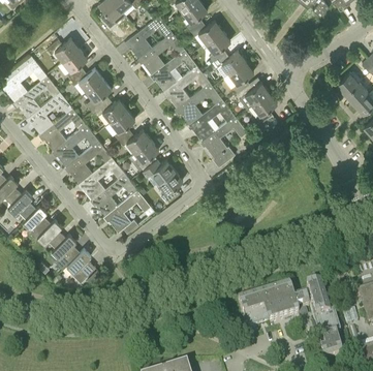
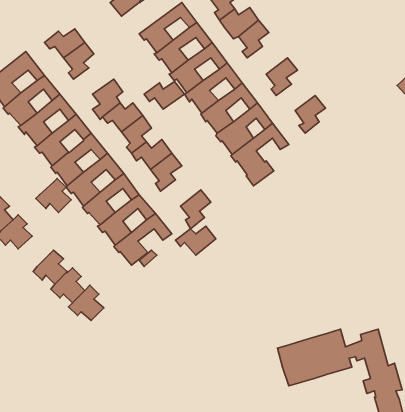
building: [214,52,247,78] -> none
building: [71,69,104,92] -> [144,81,185,109]
building: [238,83,270,109] -> none
building: [143,160,176,184] -> [176,226,216,255]
building: [23,206,52,234] -> [36,178,71,212]

